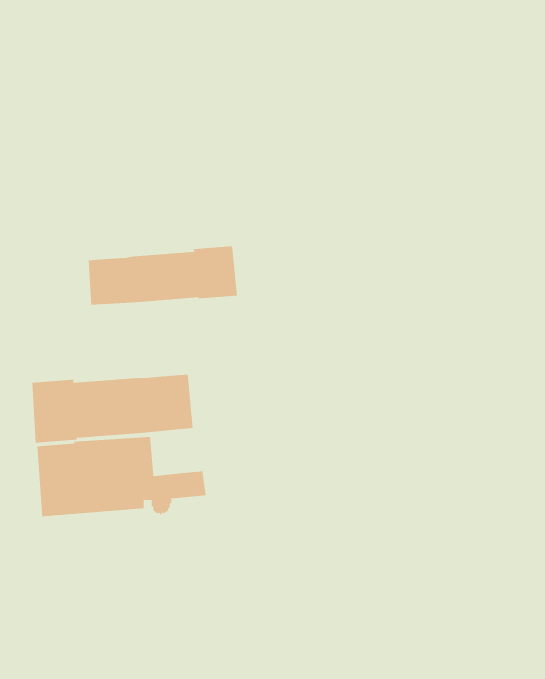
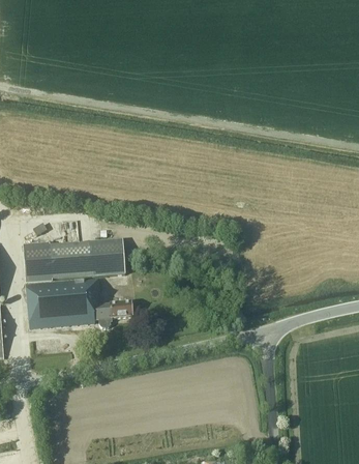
building: [88,245,238,305] -> none

